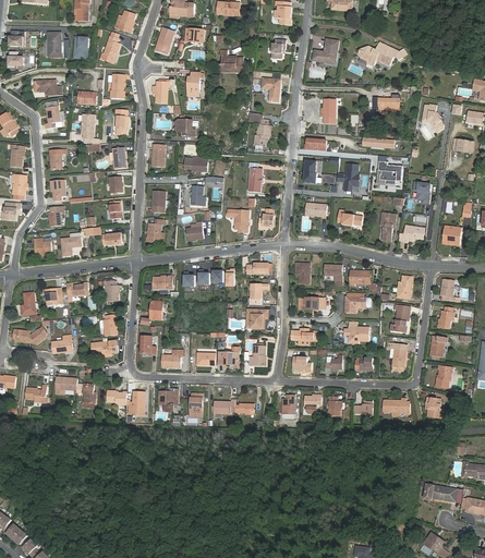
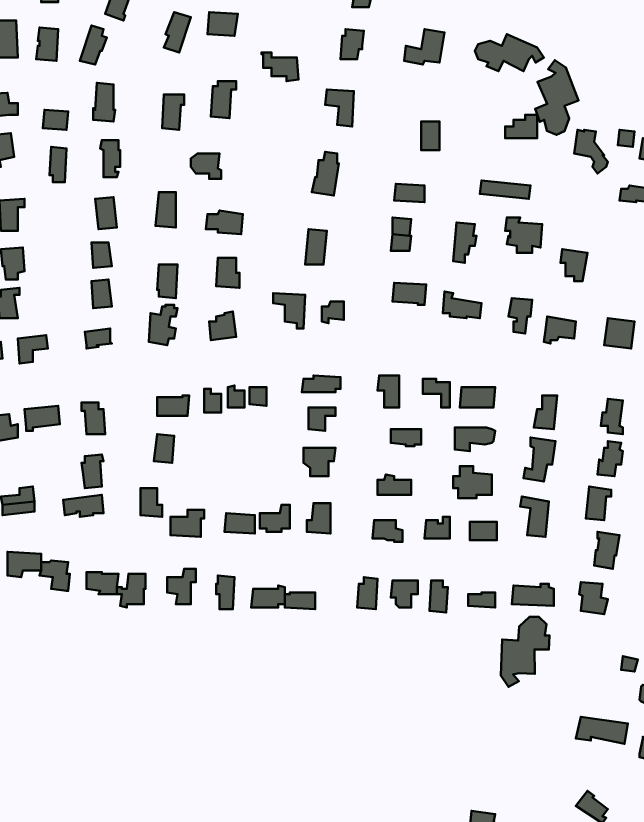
building: none -> [535,60,578,135]
building: none -> [501,617,549,687]

